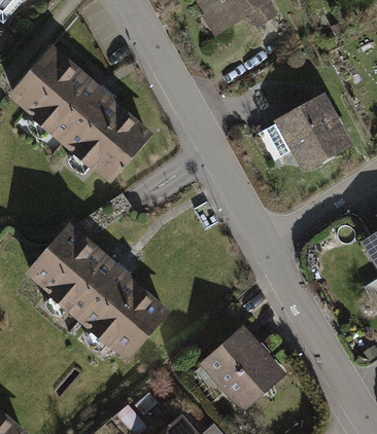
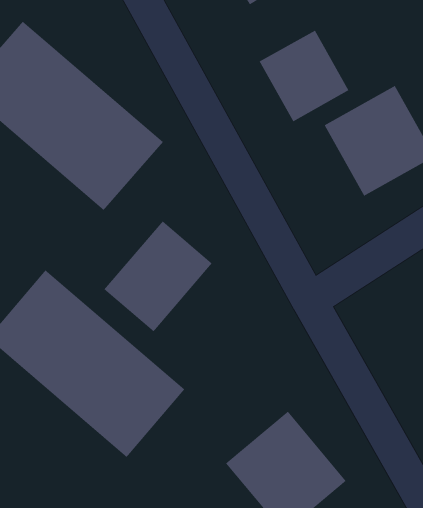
building: none -> [259,30,349,122]
building: none -> [104,221,213,332]

